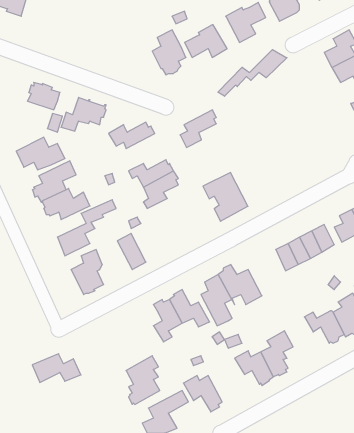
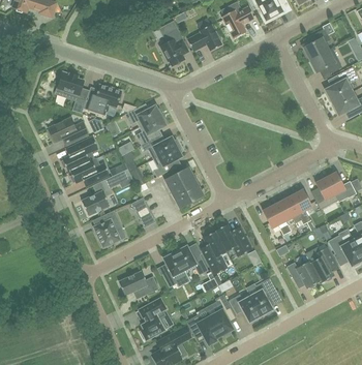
building: [218,50,287,96] -> none
building: [180,110,216,147] -> [135,114,165,145]
building: [203,173,248,221] -> [165,168,203,208]
building: none -> [207,294,233,336]
building: [32,354,81,382] -> [119,271,159,295]

